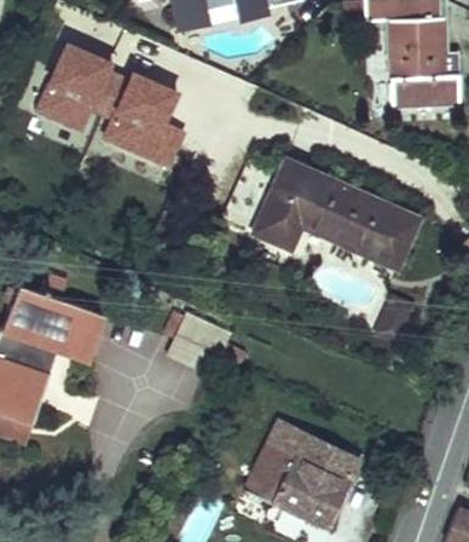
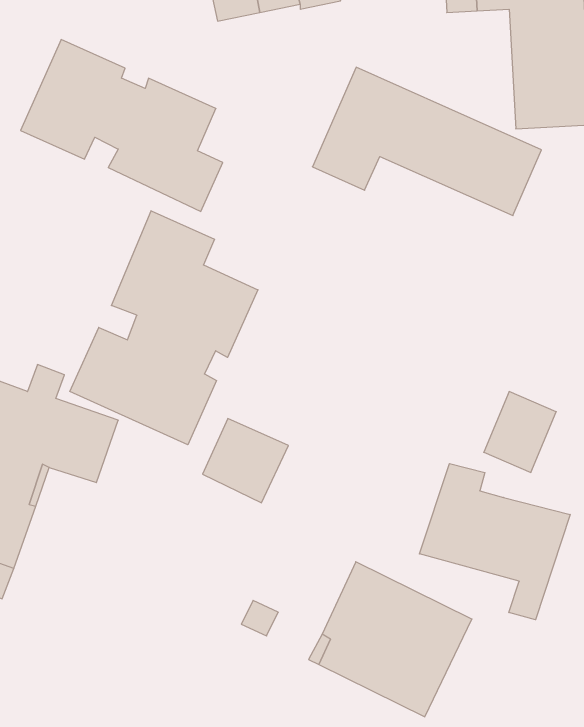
building: [254,161,418,267] -> [312,67,541,216]
building: none -> [70,211,258,445]
building: none -> [419,464,570,620]

